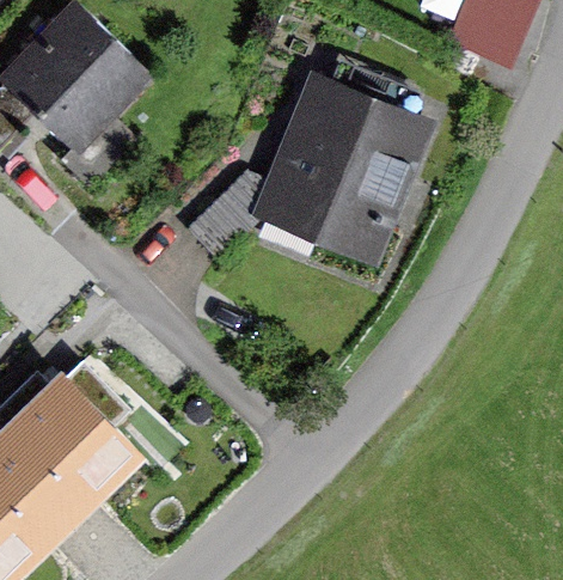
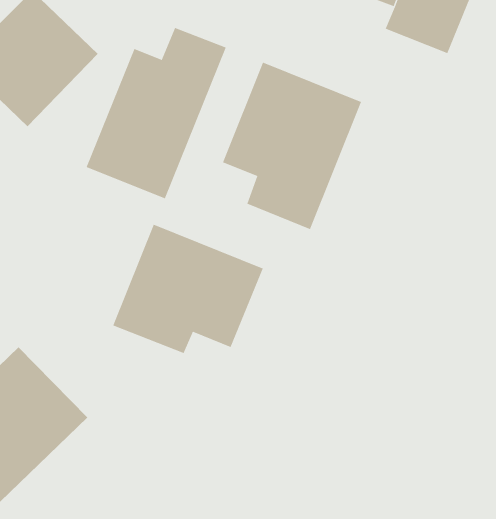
building: none -> [86,27,226,199]
building: none -> [113,224,263,354]

